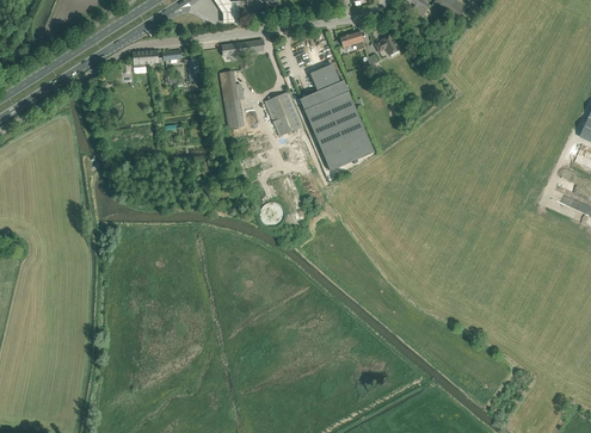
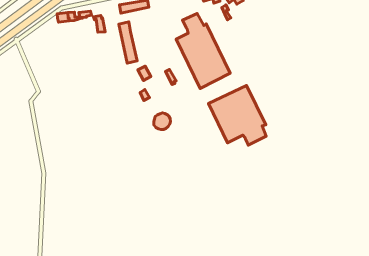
building: [265,91,303,135] -> none
building: none -> [208,85,266,145]

